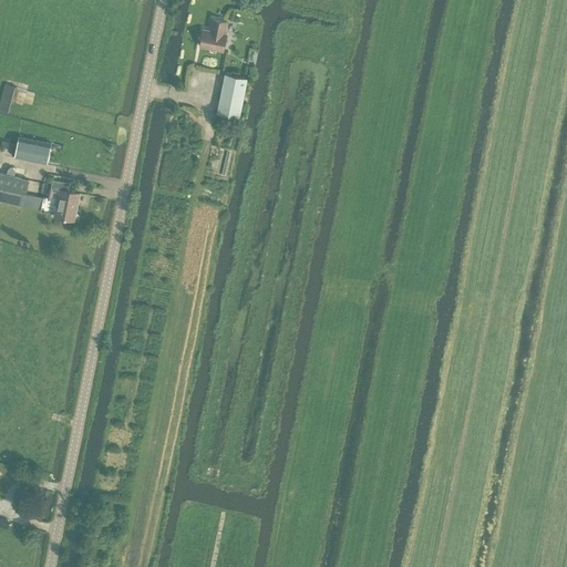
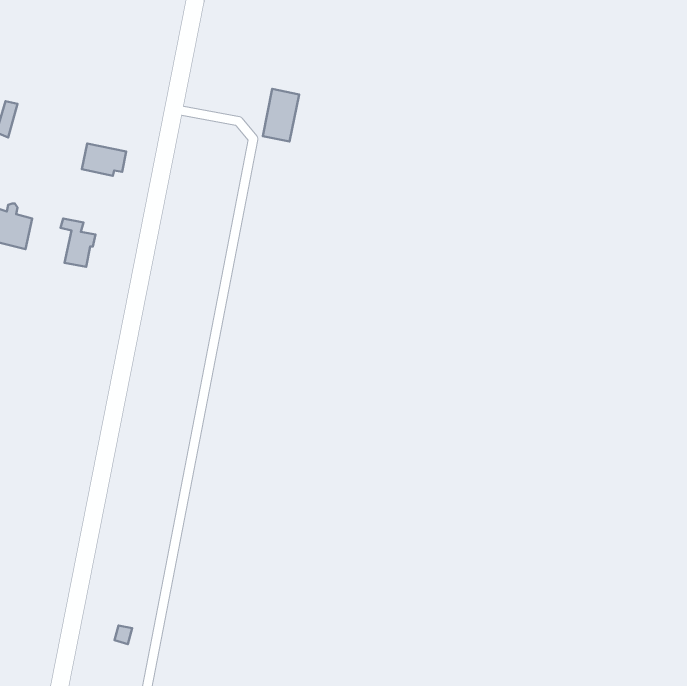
building: [199,21,225,52] -> none
building: [13,137,50,164] -> [82,144,126,176]

